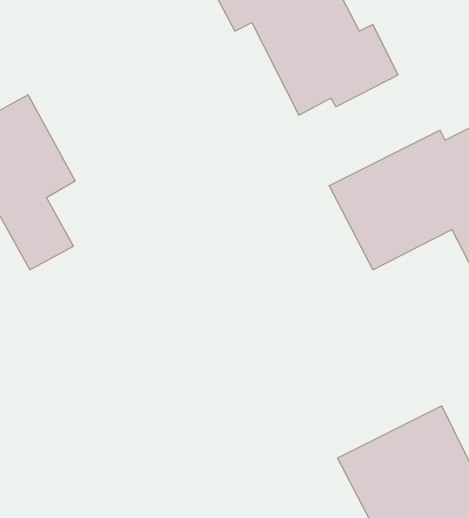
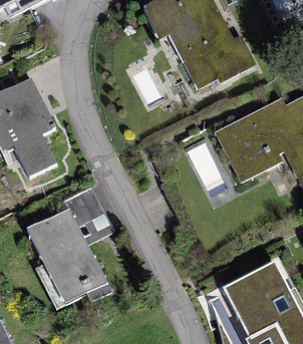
building: none -> [33,185,119,309]

